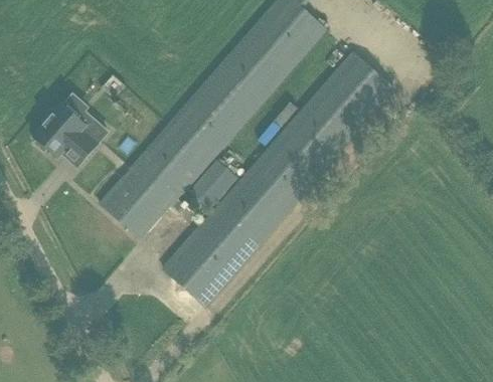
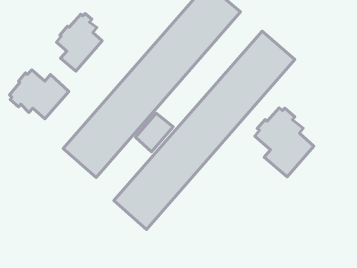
building: none -> [57,14,102,71]
building: none -> [255,108,314,177]

